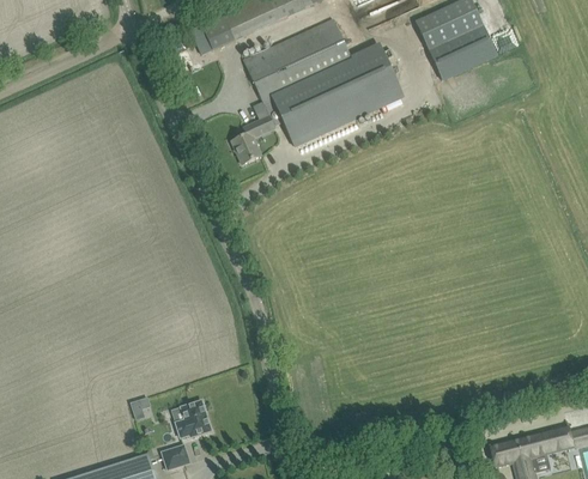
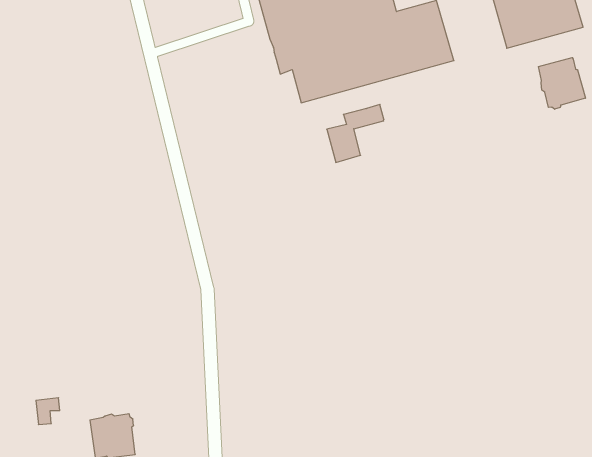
building: none -> [539,58,585,109]
building: [232,115,274,164] -> [327,104,384,162]

